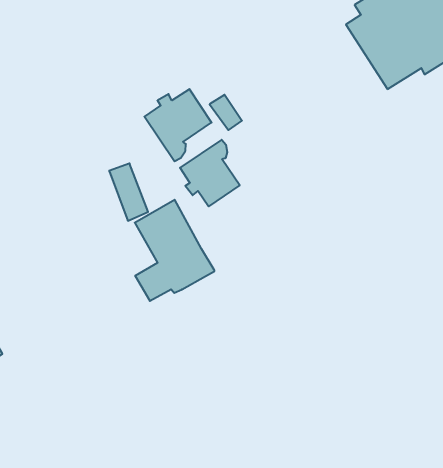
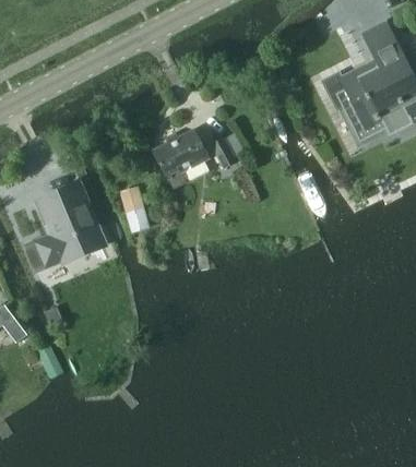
building: [180,140,240,206] -> none
building: [135,200,214,301] -> [36,182,102,263]

